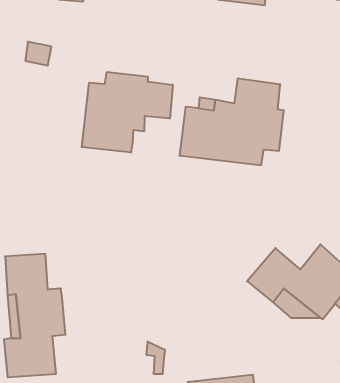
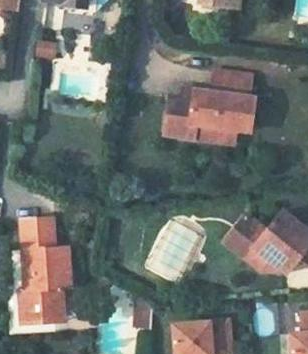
building: [82,72,173,153] -> none

